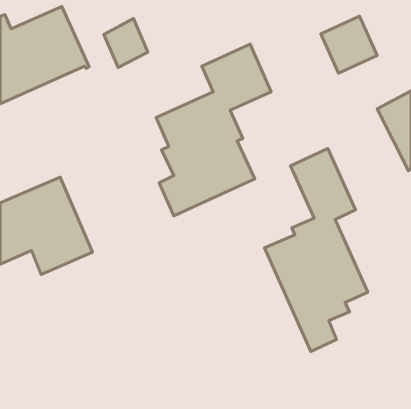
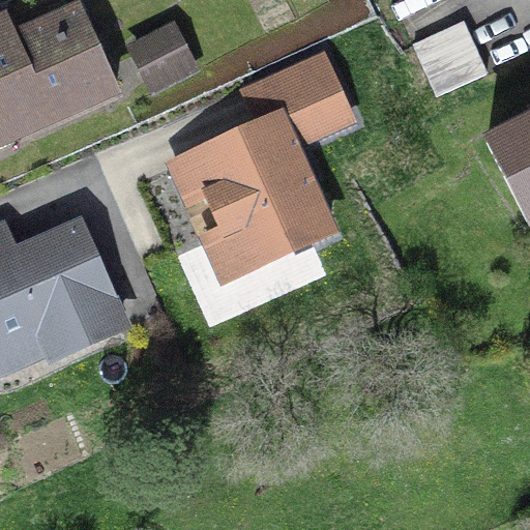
building: [265,148,368,352] -> none

